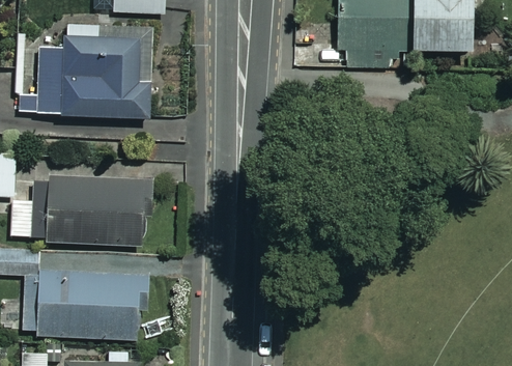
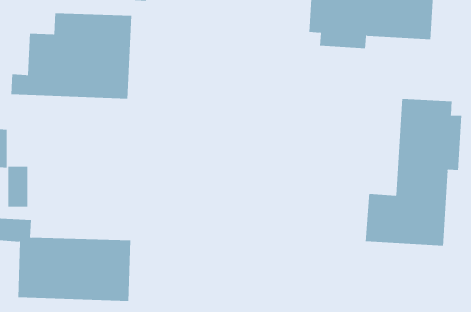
building: none -> [365,98,462,247]
building: [44,175,150,243] -> none

